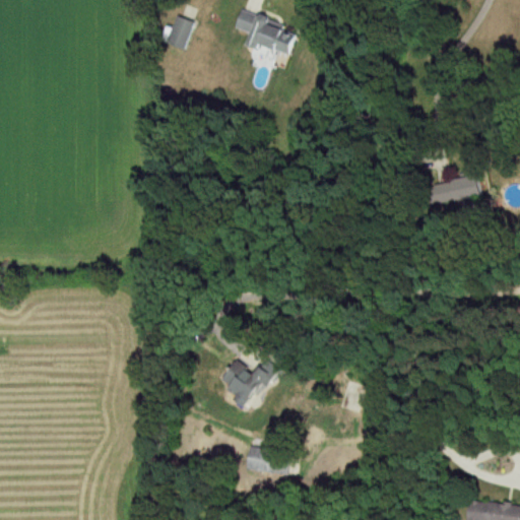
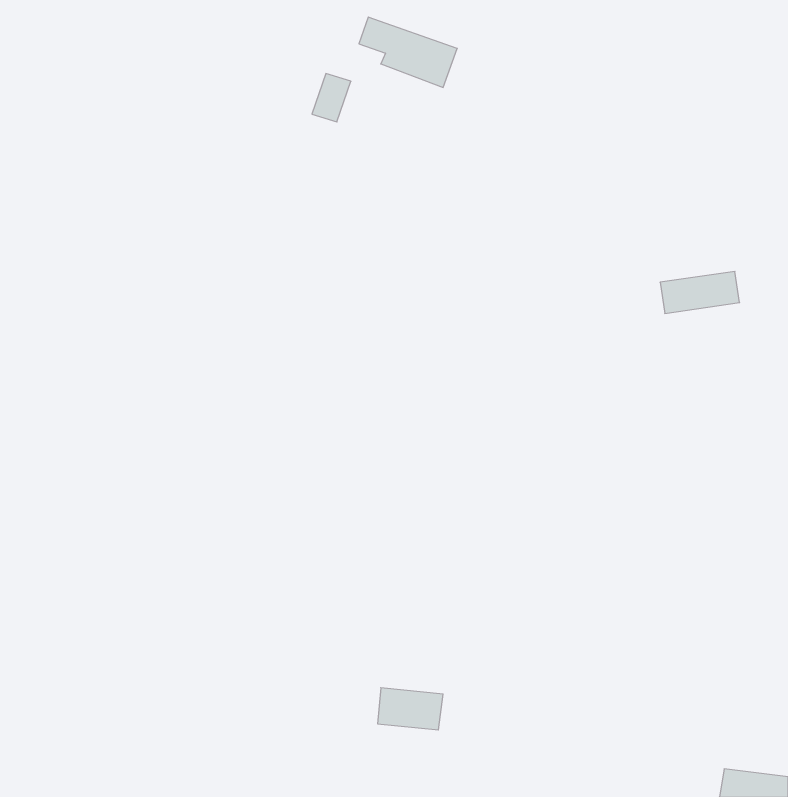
building: [165,17,190,49] -> [312,74,351,122]
building: [218,362,274,406] -> none

